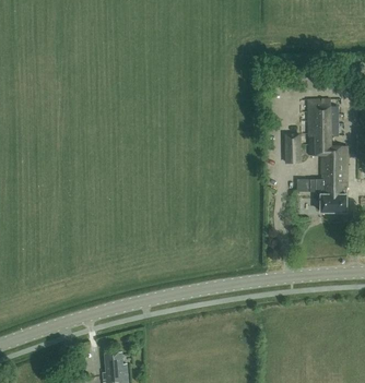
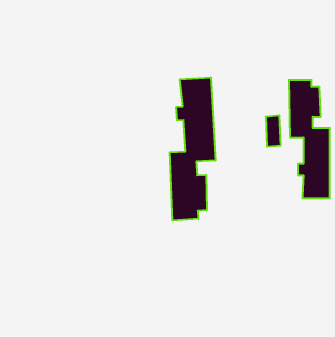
building: none -> [170,77,216,220]

